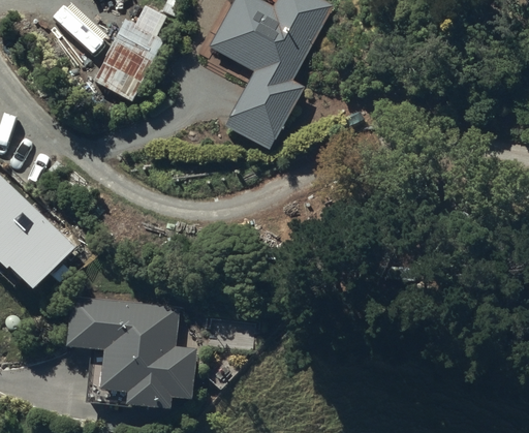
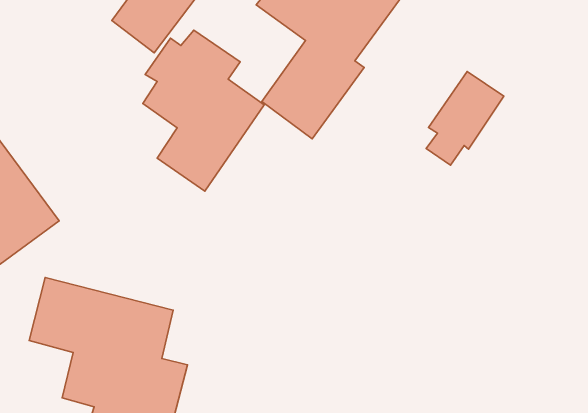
building: none -> [426,72,504,165]
building: none -> [143,30,264,191]

